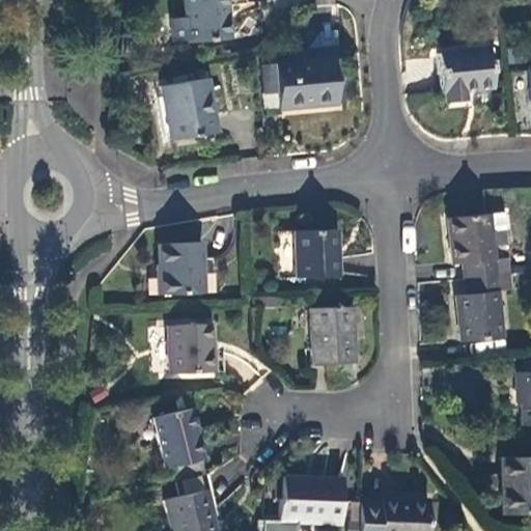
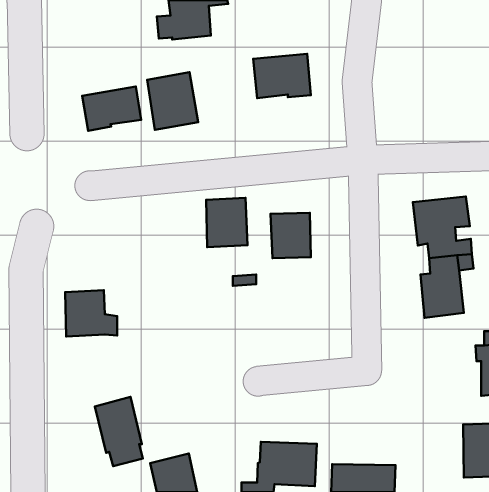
building: [439,48,494,103] -> none
building: none -> [82,86,141,131]
building: [160,242,204,295] -> [206,198,248,247]
building: [310,308,354,364] -> none
building: [169,324,225,373] -> [65,290,117,336]
building: [153,407,205,481] -> [95,397,143,466]

